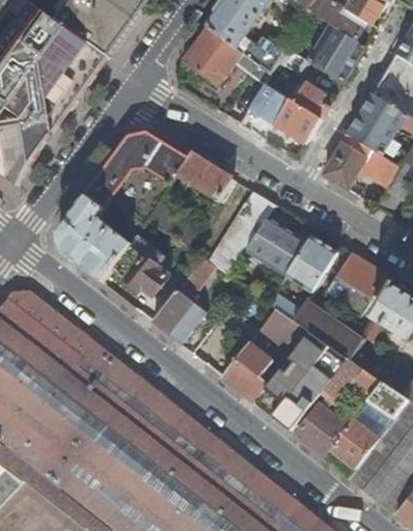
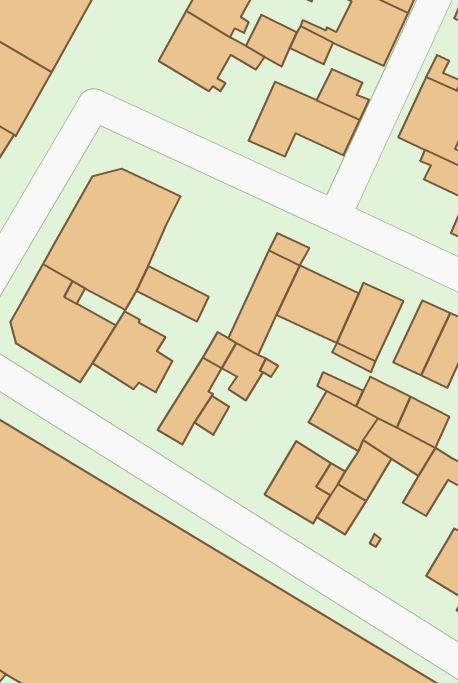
building: [323,134,367,189] -> none
building: [174,153,230,202] -> none
building: [294,403,347,455] -> none

